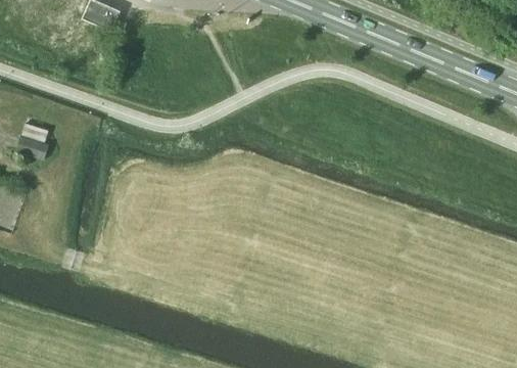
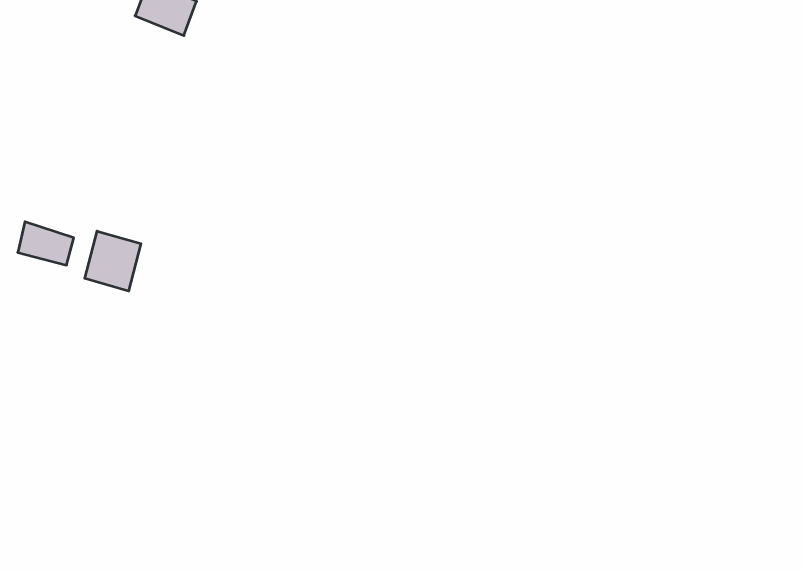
building: none -> [85,231,141,291]

